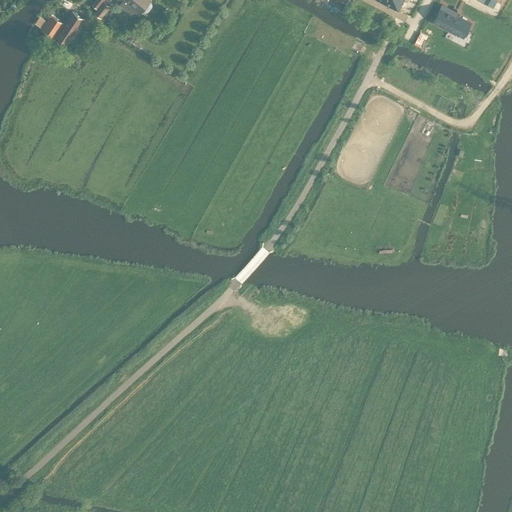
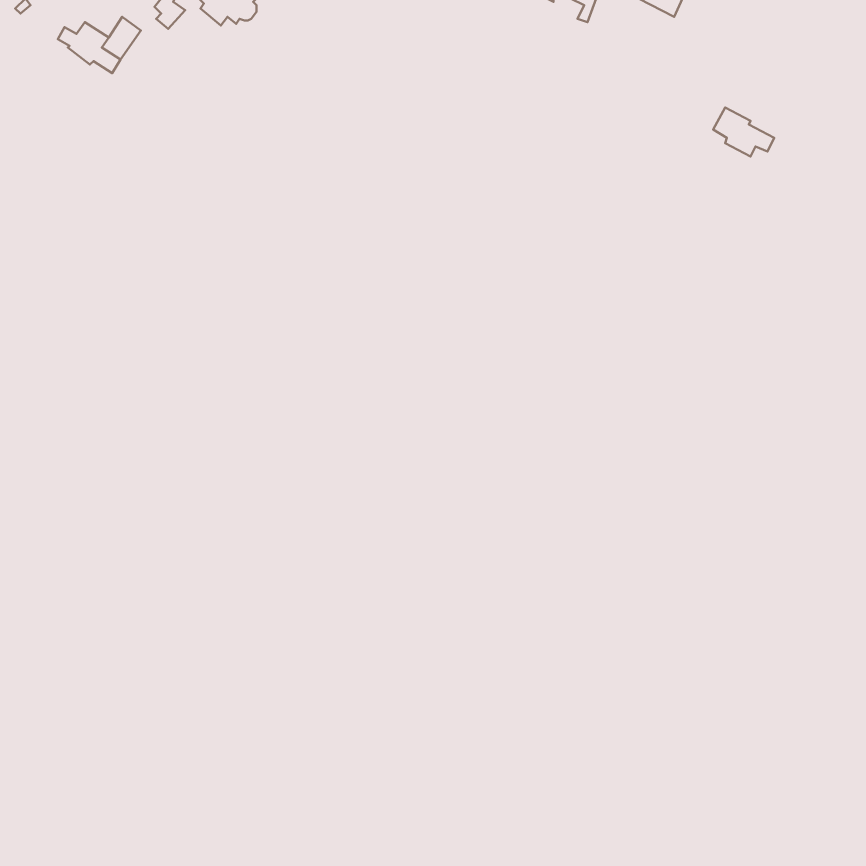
building: [434,4,470,33] -> [713,107,774,157]

